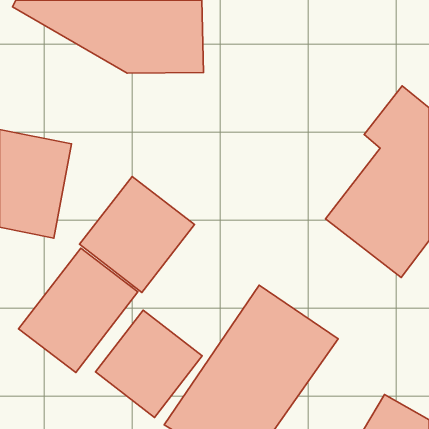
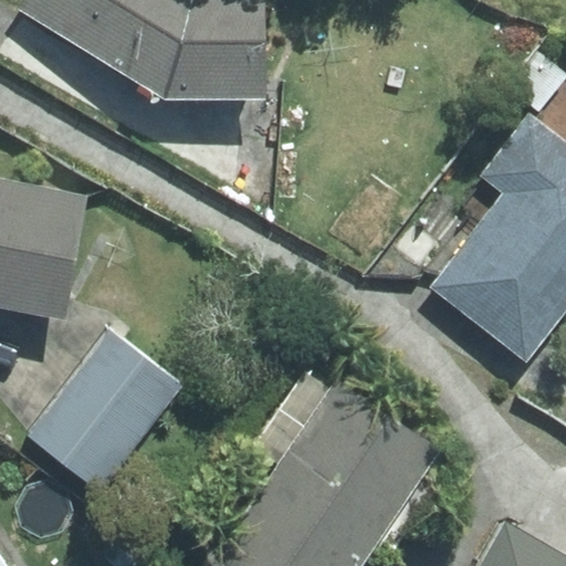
building: [80,176,195,292] -> none
building: [96,310,202,418] -> none

